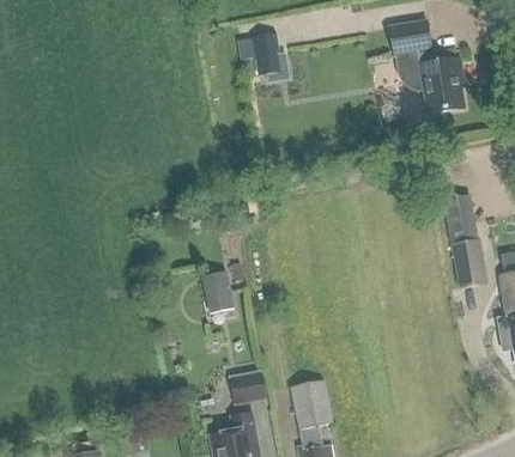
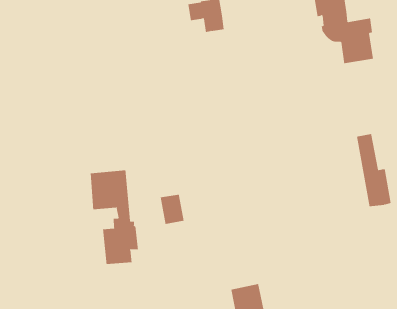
building: none -> [90,170,138,265]
building: [231,373,265,404] -> none

